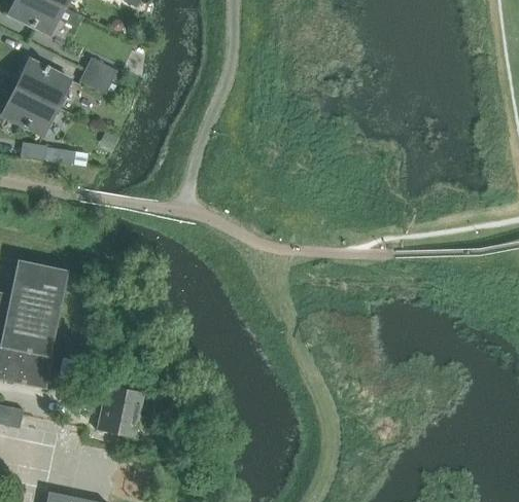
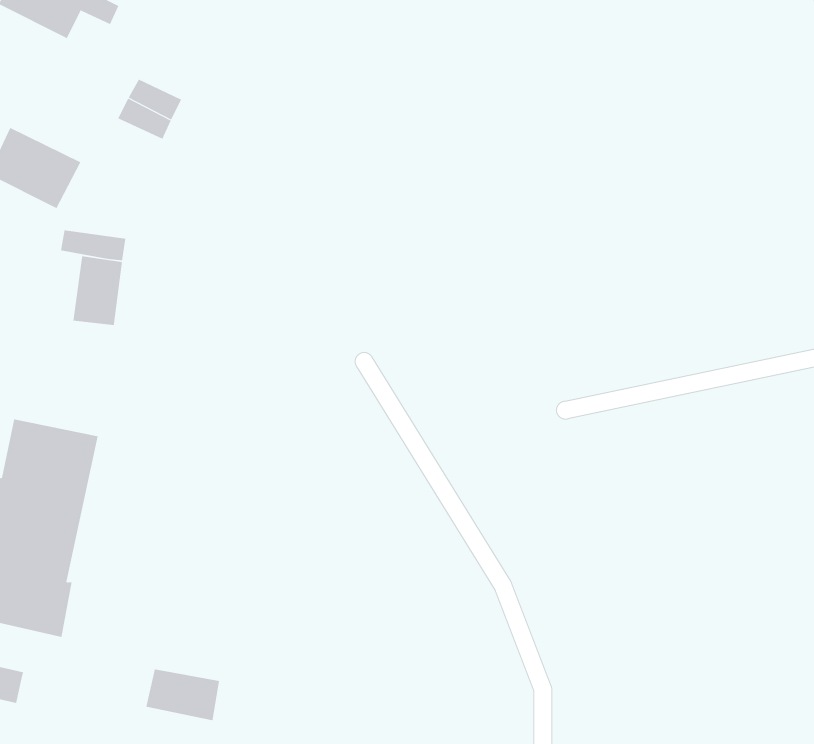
building: [15,60,71,108] -> none
building: none -> [73,256,122,326]
building: [101,385,145,416] -> none

